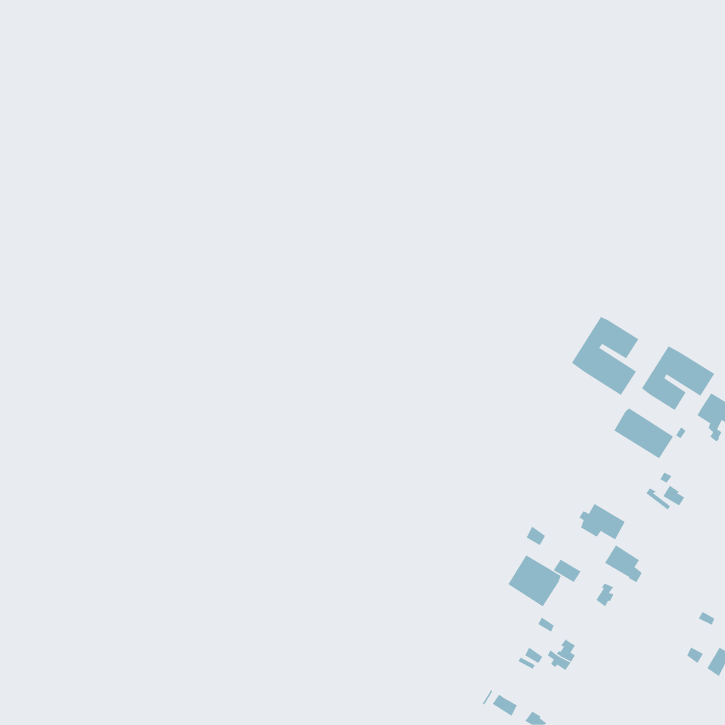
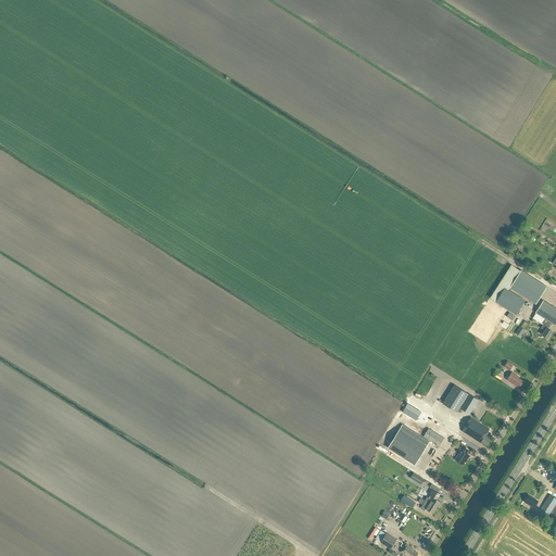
building: [571,316,639,396] -> none
building: [613,407,674,459] -> none

